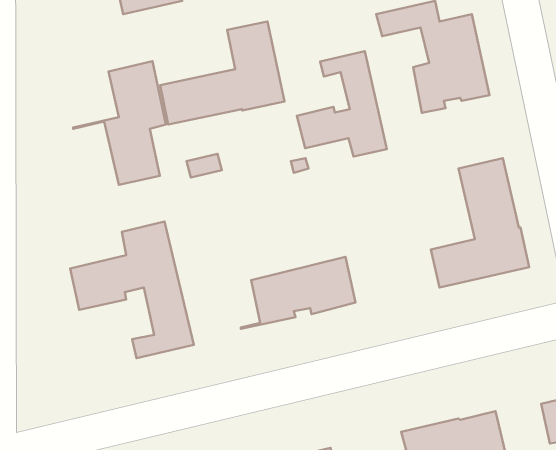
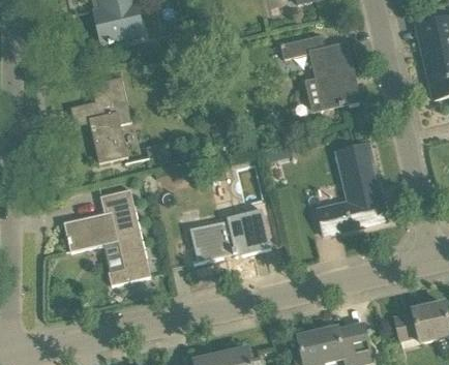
building: [160,22,284,124] -> none
building: [297,51,387,157] -> none

